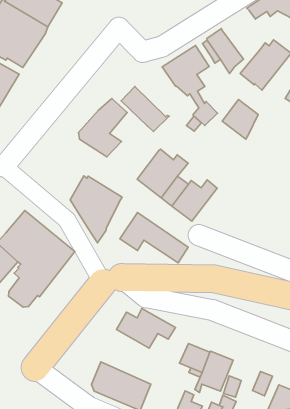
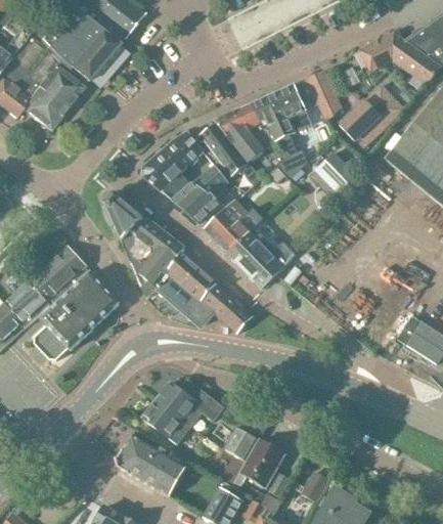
building: none -> [214,103,275,162]
building: none -> [172,165,227,223]
building: none -> [106,192,142,243]
building: none -> [160,252,198,296]
building: none -> [141,400,190,445]

